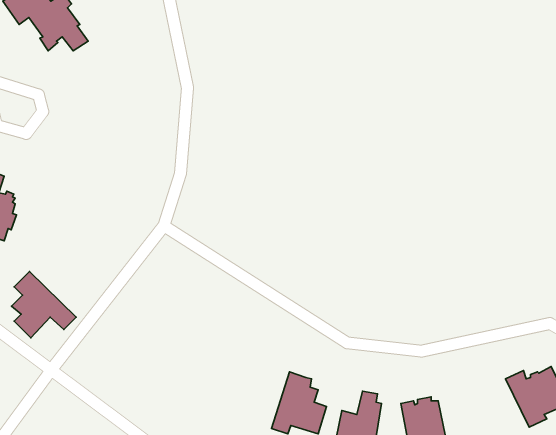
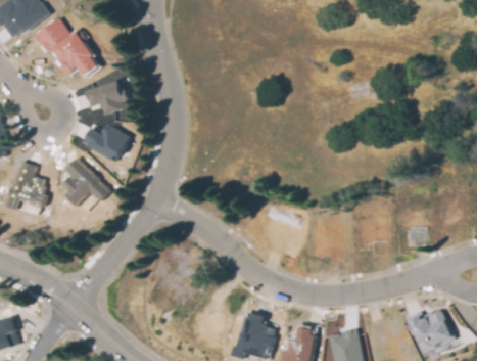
building: none -> [86,80,130,114]
building: none -> [85,126,130,160]
building: [11,272,76,338] -> [63,159,111,208]

